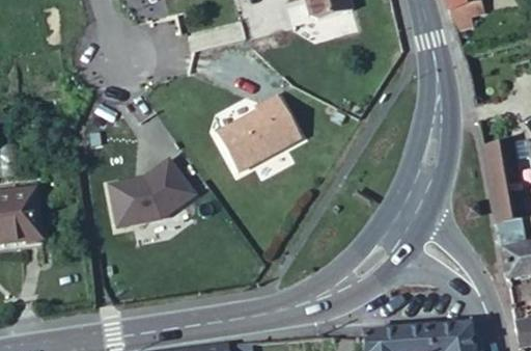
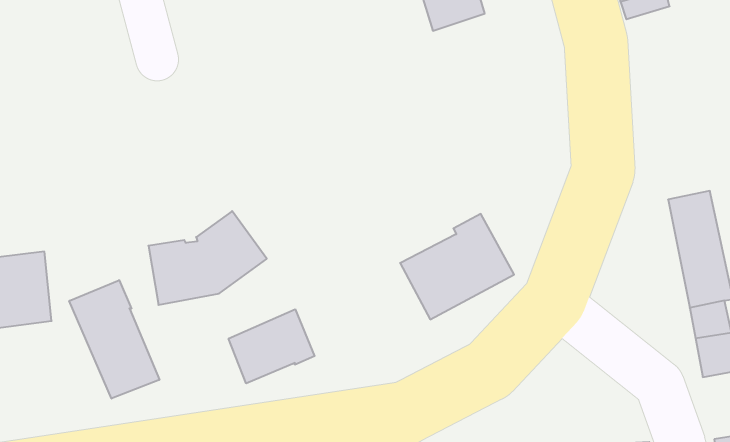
building: [217,103,299,179] -> [400,214,514,319]
building: none -> [69,280,159,399]
building: none -> [229,309,315,383]

